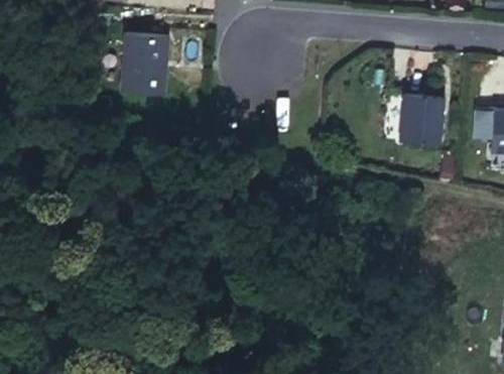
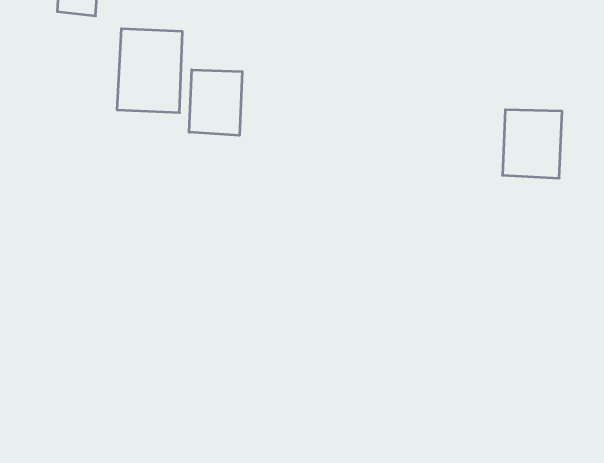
building: none -> [189,70,242,135]

